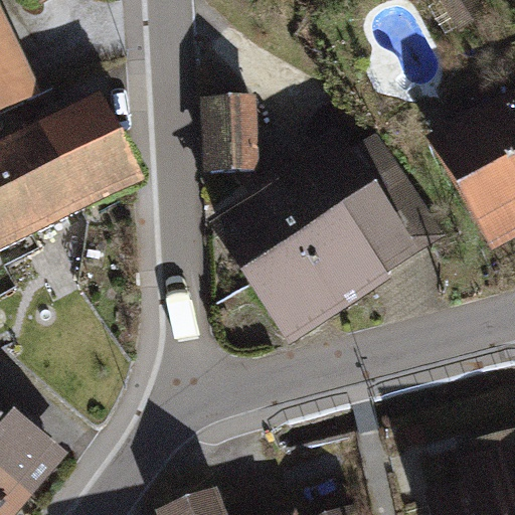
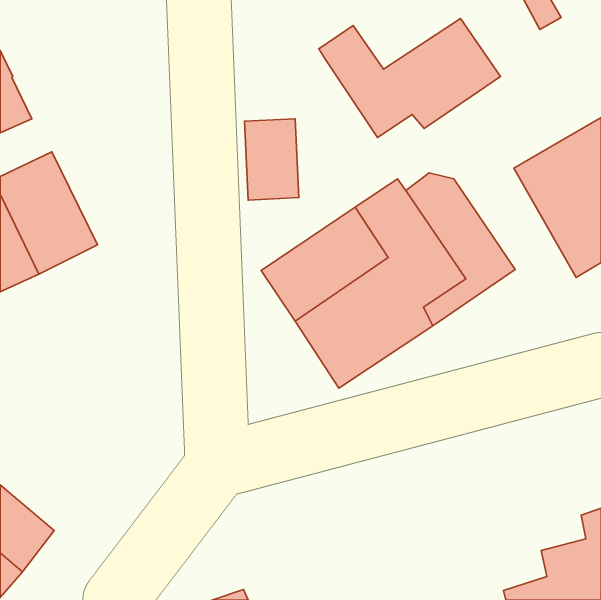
building: none -> [319,19,500,138]
building: [44,101,135,209] -> none

